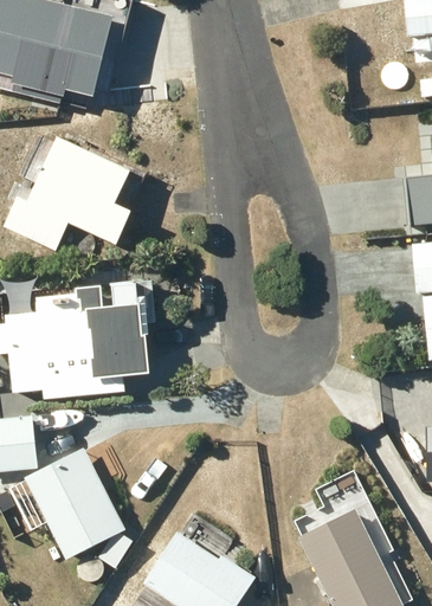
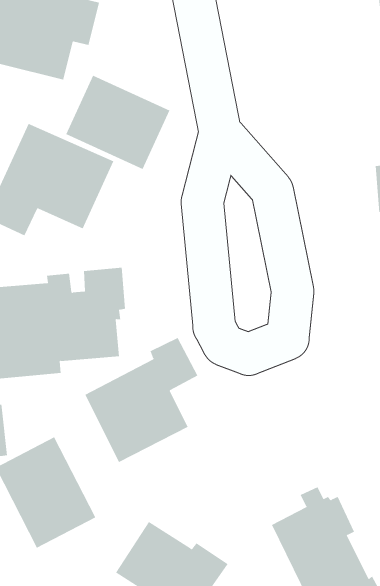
building: none -> [65,75,170,170]
building: none -> [85,337,198,463]

